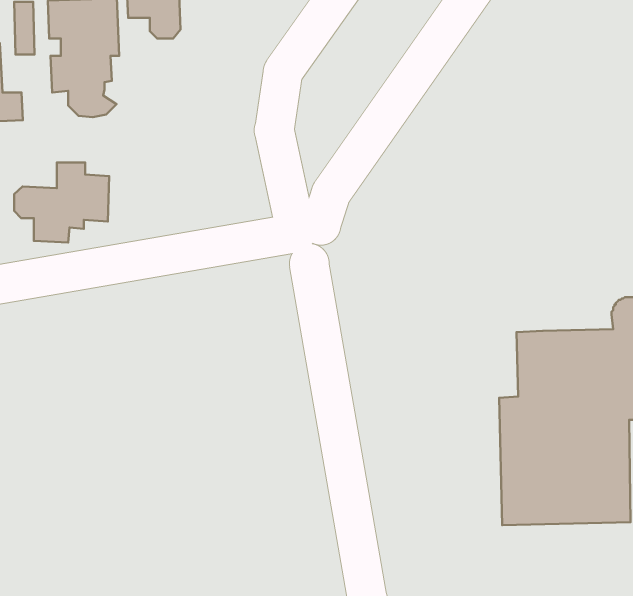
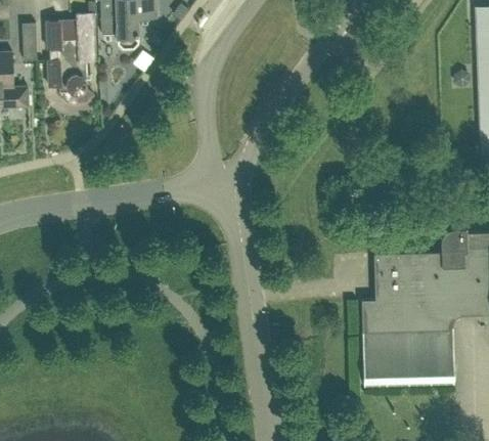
building: [14,162,109,243] -> none

